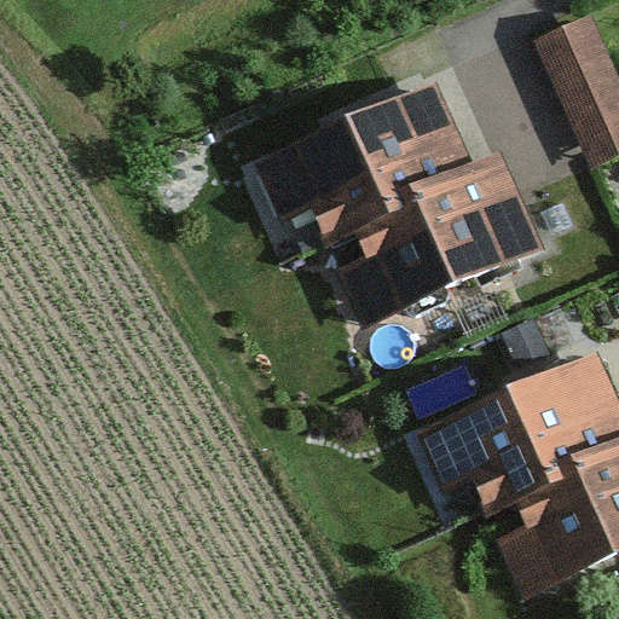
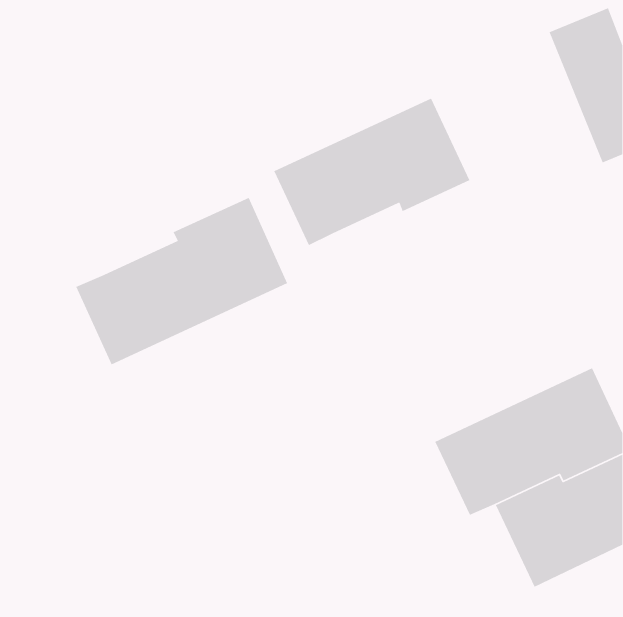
building: [330,166,530,314] -> none
building: none -> [75,197,288,365]

